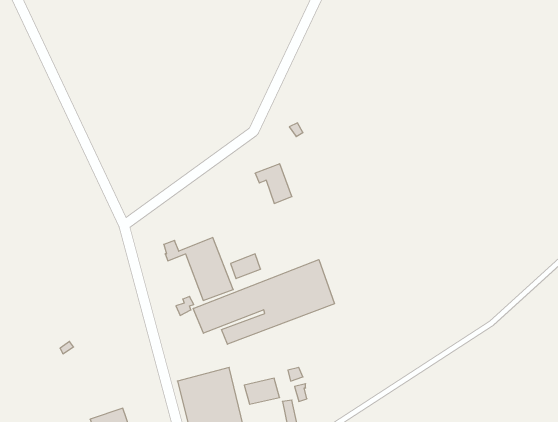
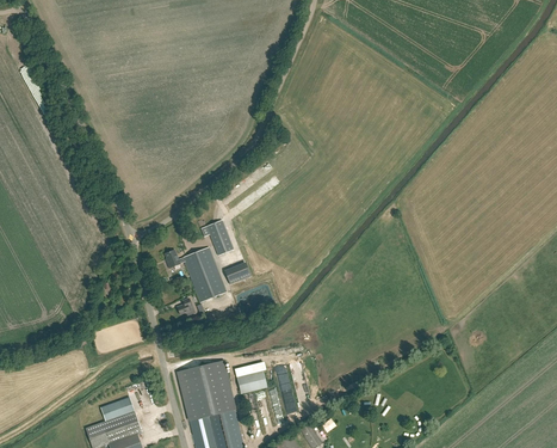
building: [255,164,292,203] -> [200,220,233,254]
building: [193,260,334,344] -> none

